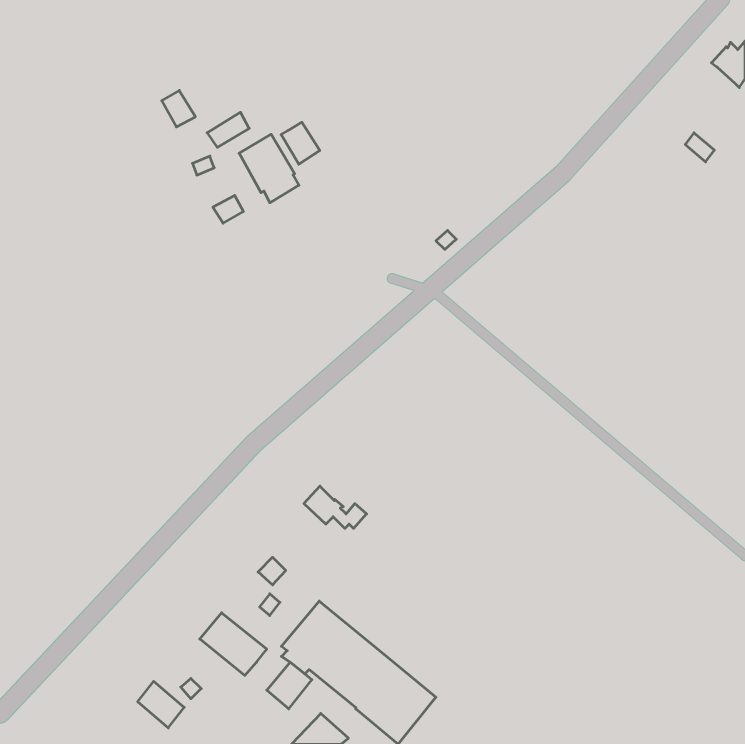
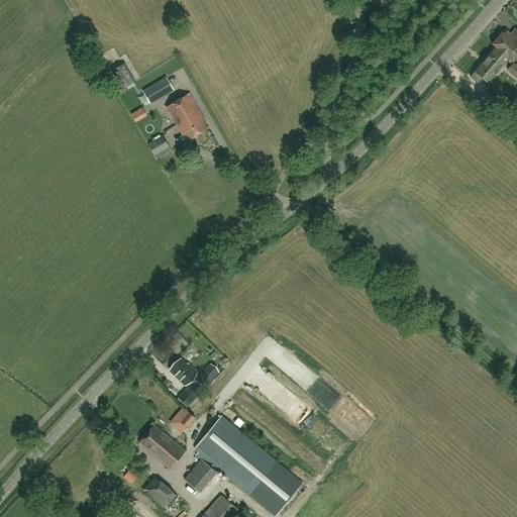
building: none -> [471,46,509,82]
building: [281,122,320,164] -> none
building: [304,486,367,528] -> [170,357,213,387]
building: [138,681,184,728] -> [143,476,176,508]

